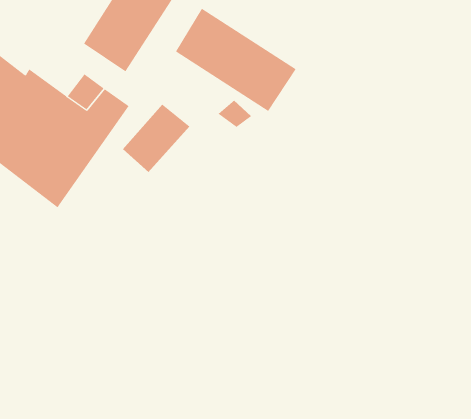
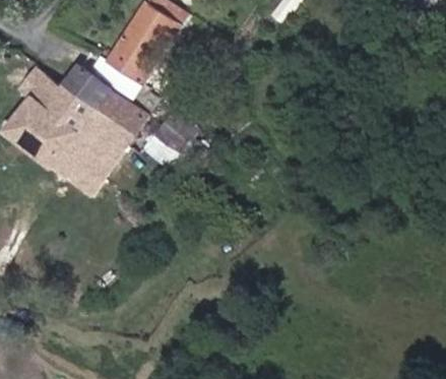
building: [175,8,297,112] -> none
building: none -> [63,64,108,104]

